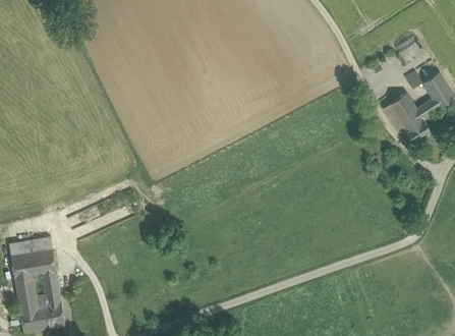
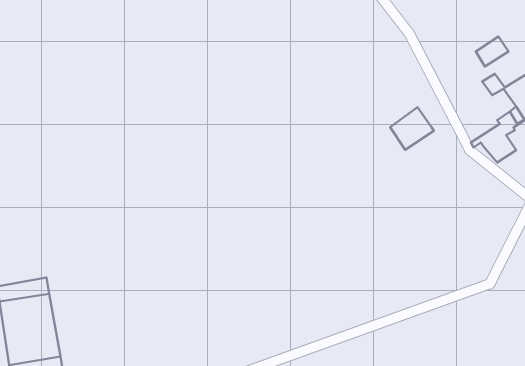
building: [382,92,417,126] -> [390,107,434,150]

